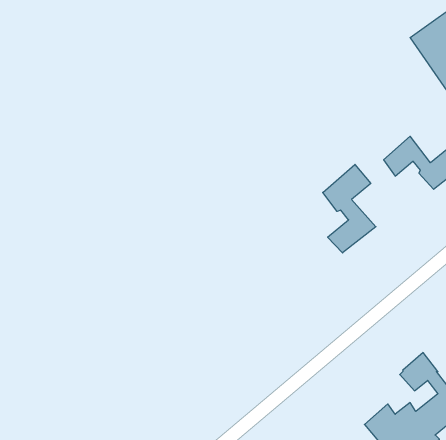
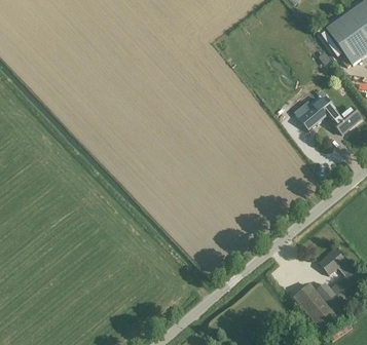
building: [323,164,376,253] -> none

